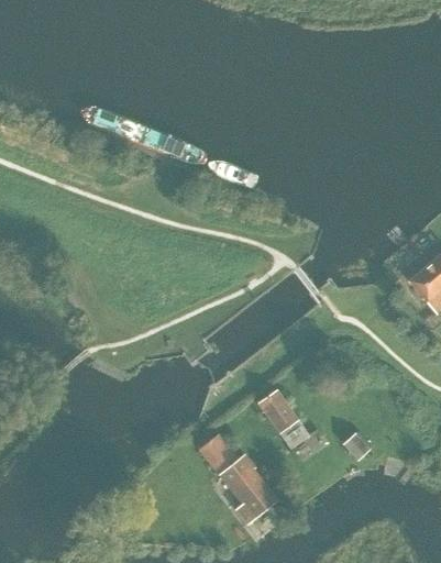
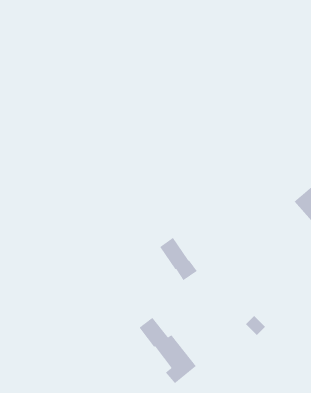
building: [258,389,310,449] -> [159,237,198,281]

